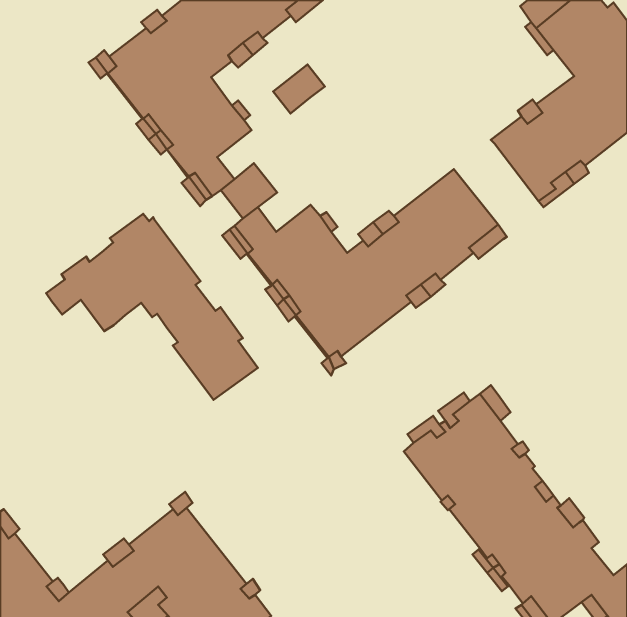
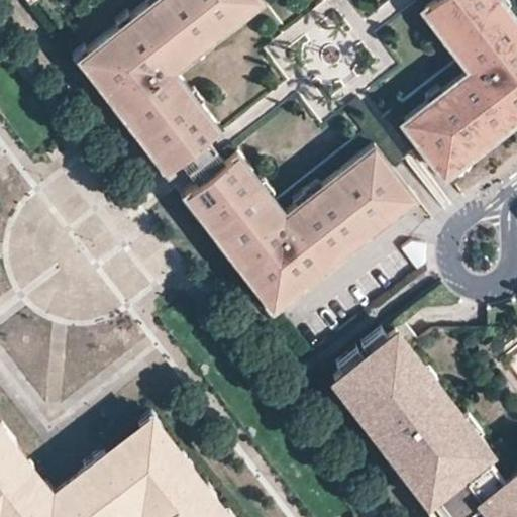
building: [273,64,325,114] -> [179,115,221,156]
building: none -> [212,158,255,199]
building: [46,214,258,400] -> none

